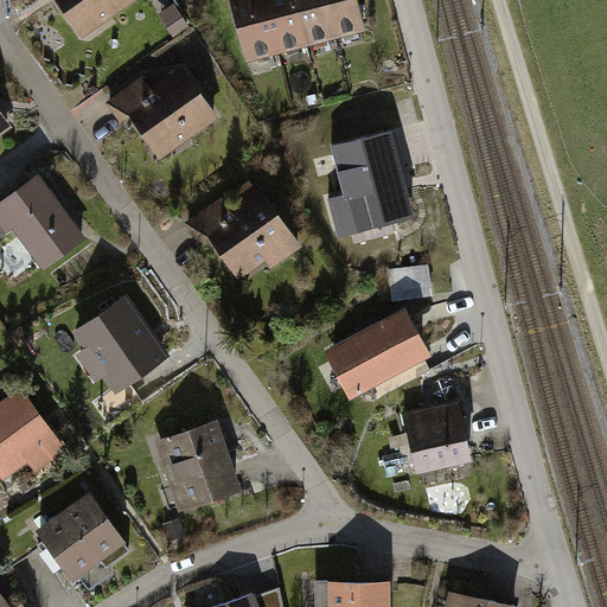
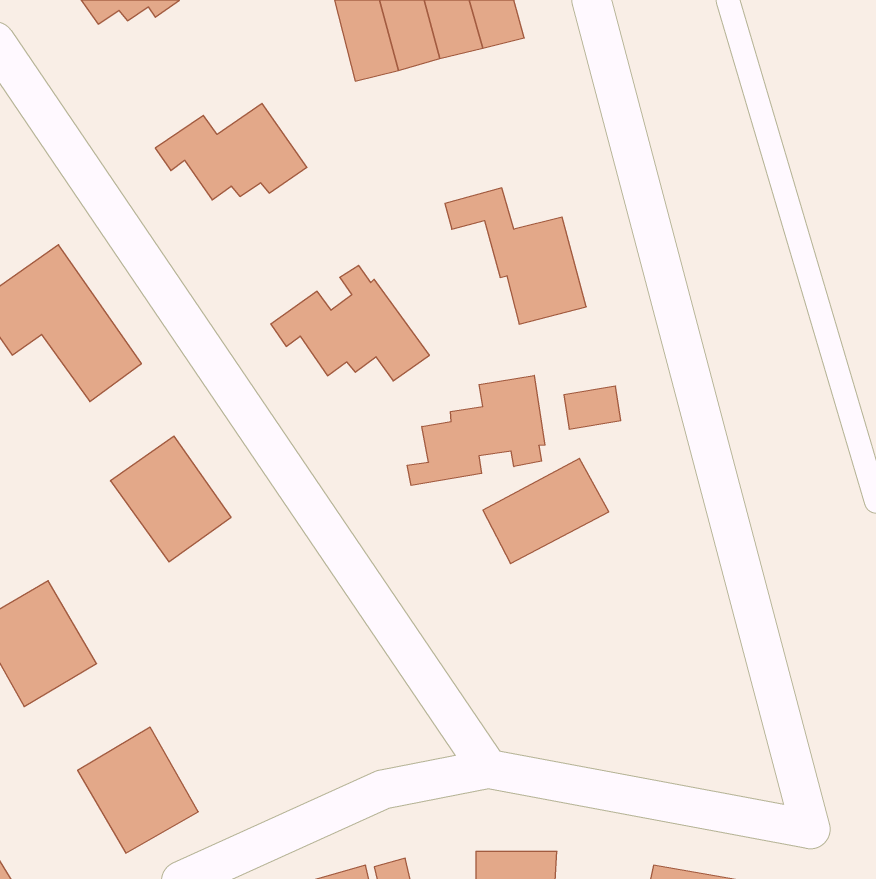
building: none -> [407,375,545,485]
building: [401,401,467,469] -> none
building: [162,424,232,504] -> none

